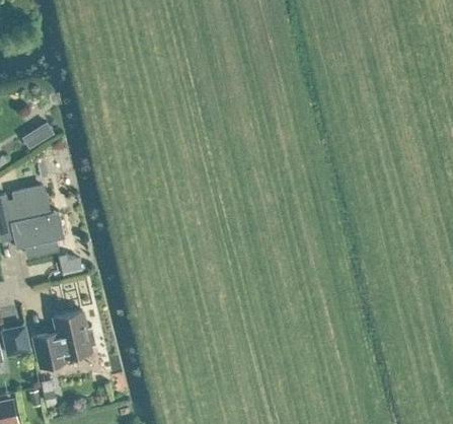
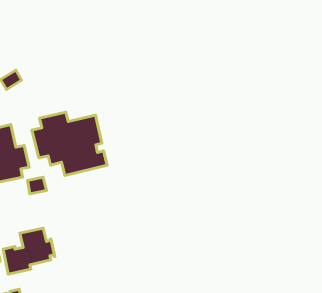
building: none -> [32,112,107,176]

